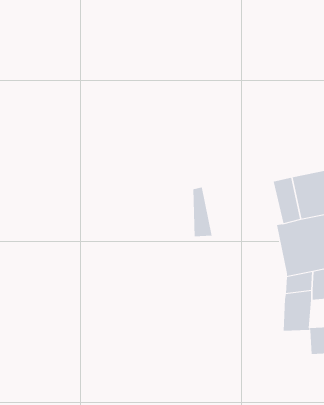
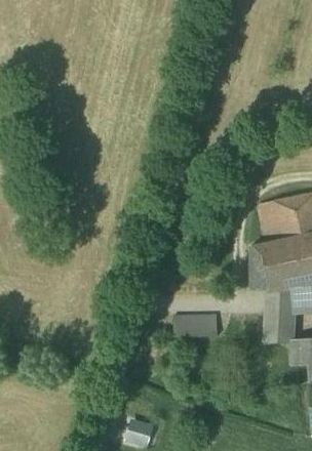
building: [193,187,213,237] -> [249,244,268,290]
building: none -> [172,315,217,336]

